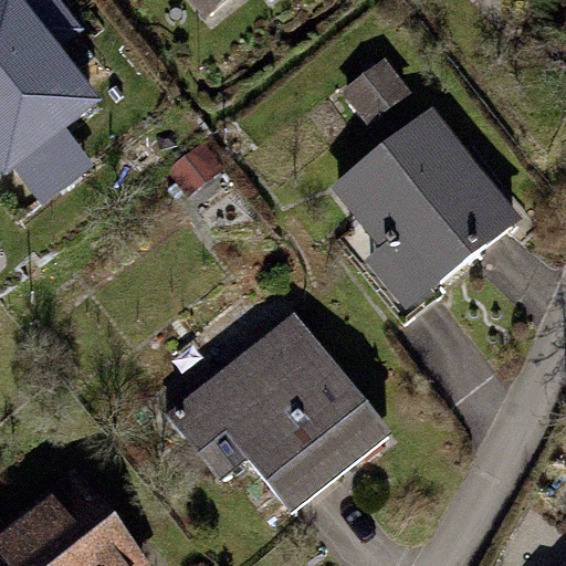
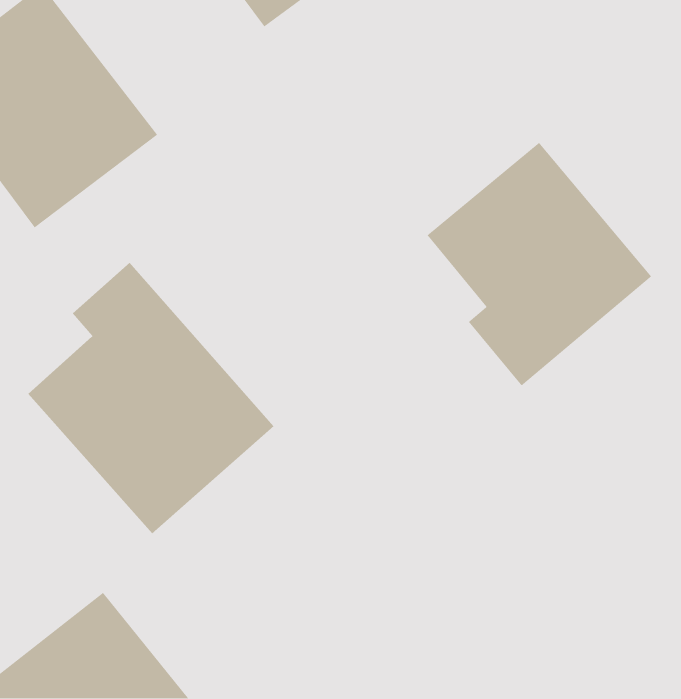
building: none -> [27,262,274,534]
building: [177,313,409,524] -> none

